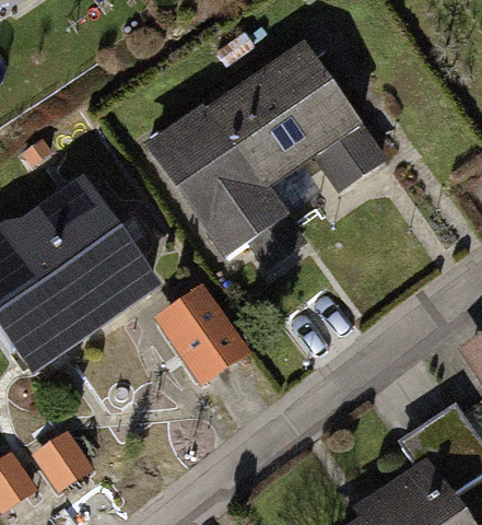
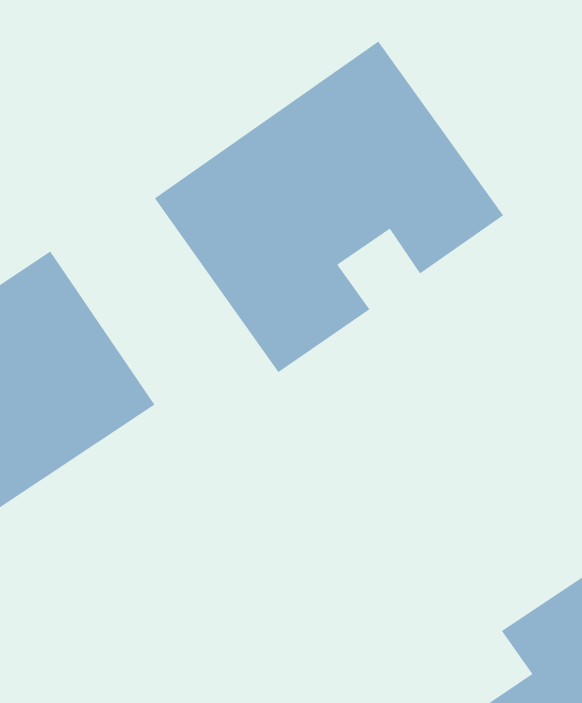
building: [142,276,242,384] -> none

